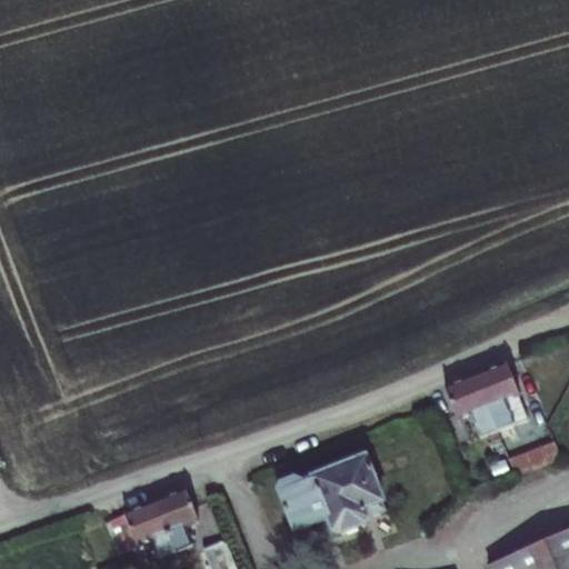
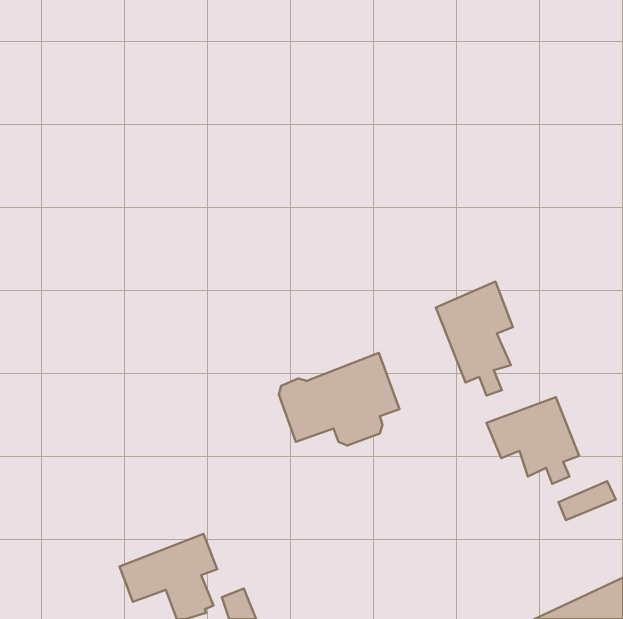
building: none -> [436,281,513,396]
building: [277,450,387,535] -> [279,353,399,446]

